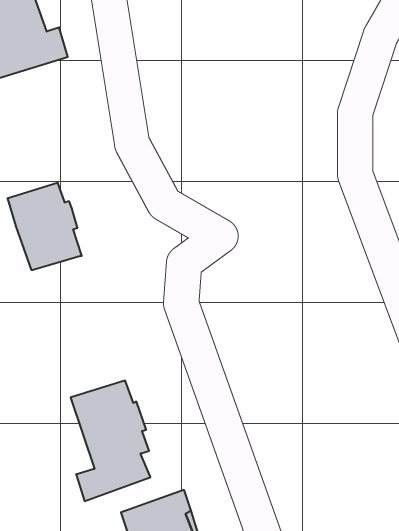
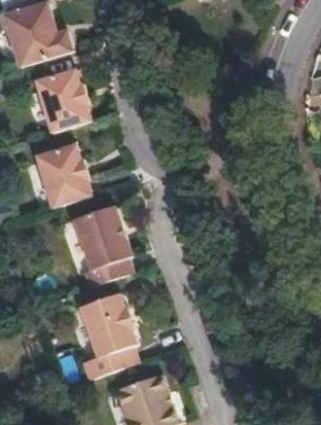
building: none -> [32,72,86,137]
building: none -> [71,204,130,286]

